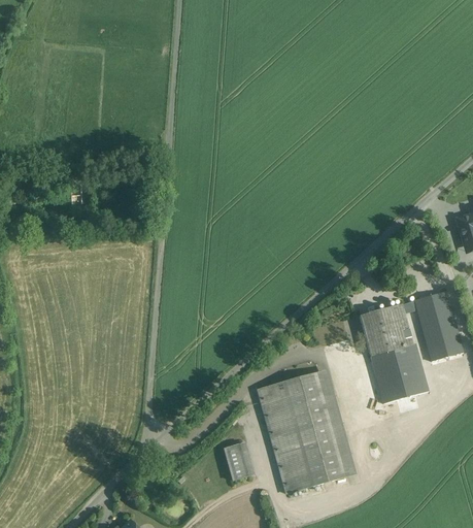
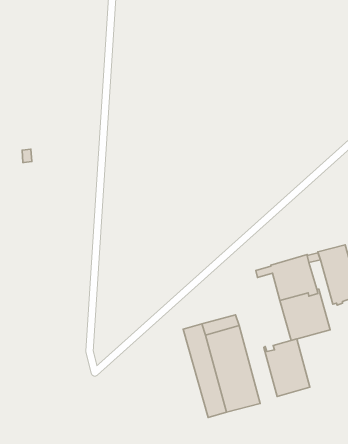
building: none -> [264,339,310,396]
building: [224,442,254,480] -> none

